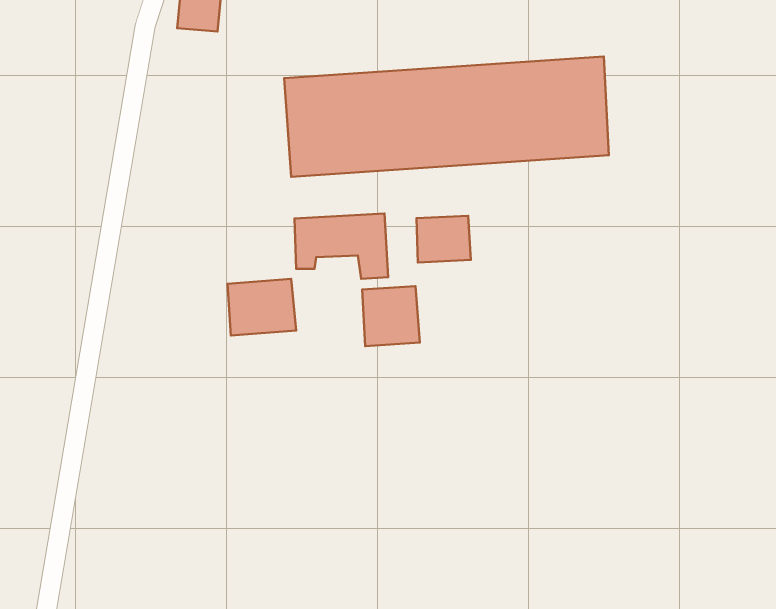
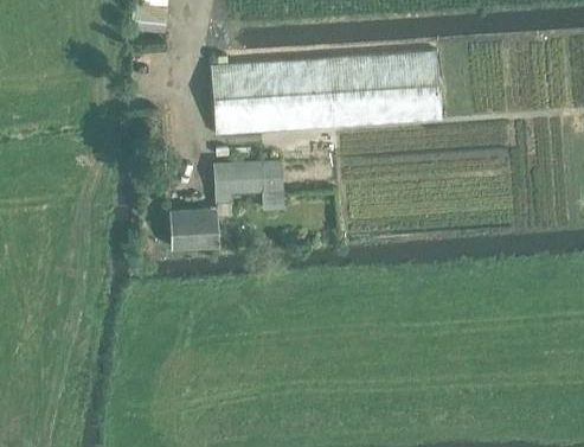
building: [416,216,471,262] -> none
building: [362,286,420,346] -> none

